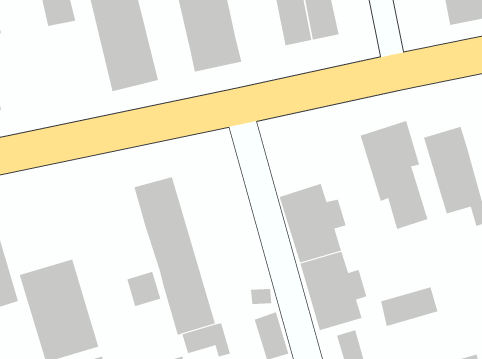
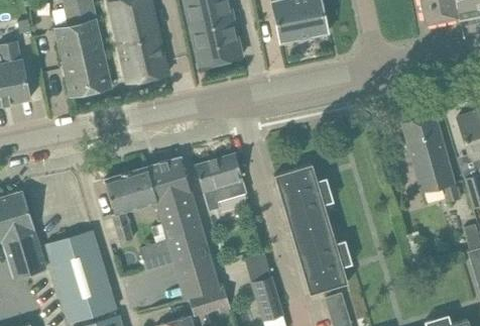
building: none -> [55,21,111,97]
building: [360,120,428,230] -> none
building: none -> [196,154,247,212]
building: none -> [105,168,156,243]
building: [381,287,438,327] -> none

